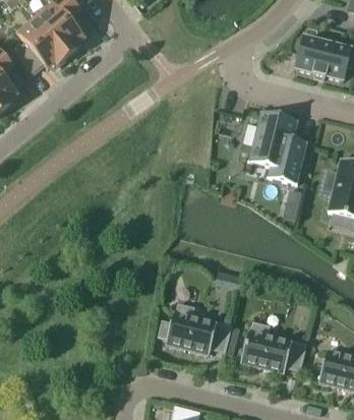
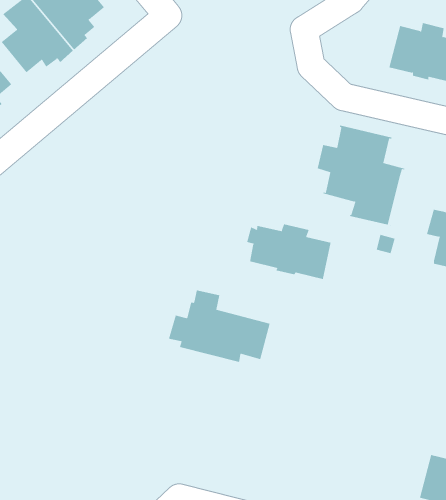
building: none -> [247,223,331,280]
building: [158,301,232,354] -> [168,290,271,363]
building: [241,321,307,372] -> none

